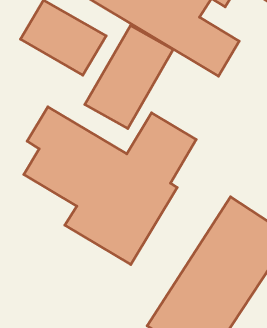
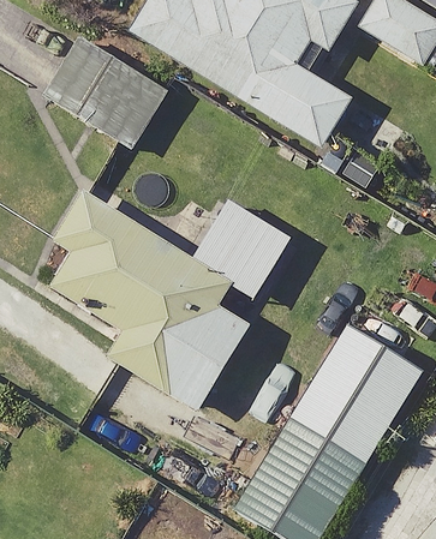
building: [85,25,173,129] -> none

